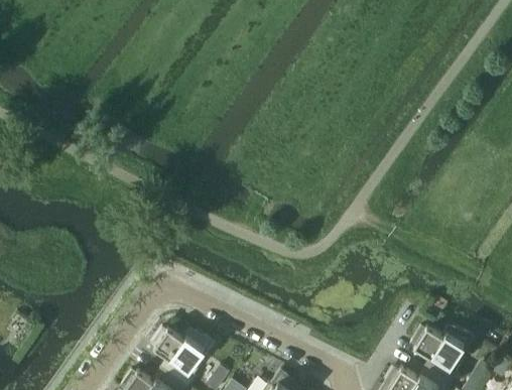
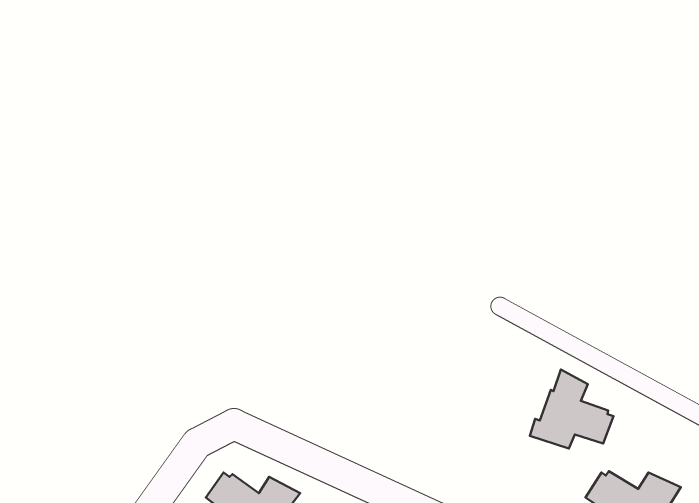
building: none -> [530,369,614,448]

